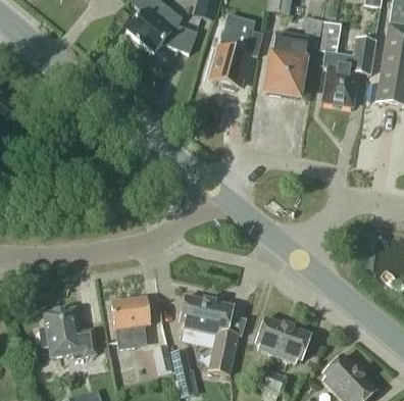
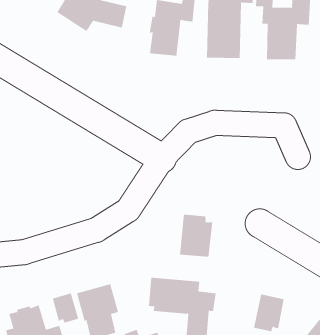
building: none -> [180,214,213,258]
building: none -> [52,293,79,323]
building: [256,316,289,356] -> none

